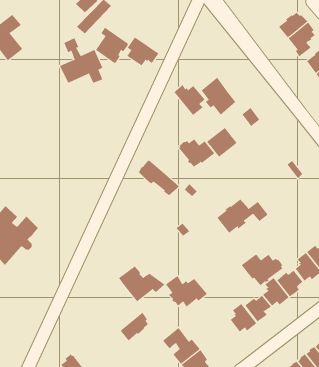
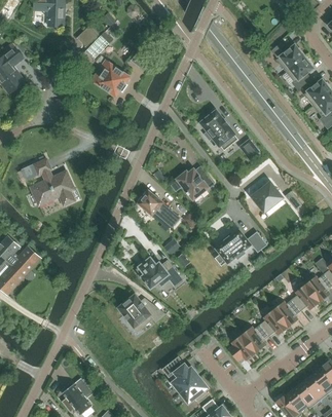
building: [126,36,159,66] -> none
building: [59,38,103,84] -> [31,159,74,204]
building: [173,84,206,116] -> none
building: [206,127,238,157] -> [251,182,282,212]
building: [241,254,284,286] -> none
building: [165,275,208,307] -> [138,257,180,289]
building: [120,312,148,341] -> none

